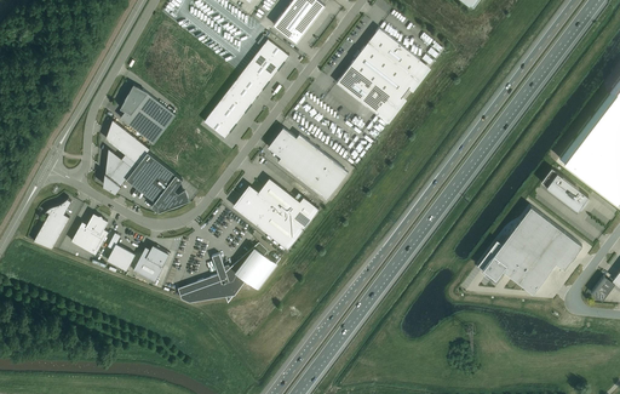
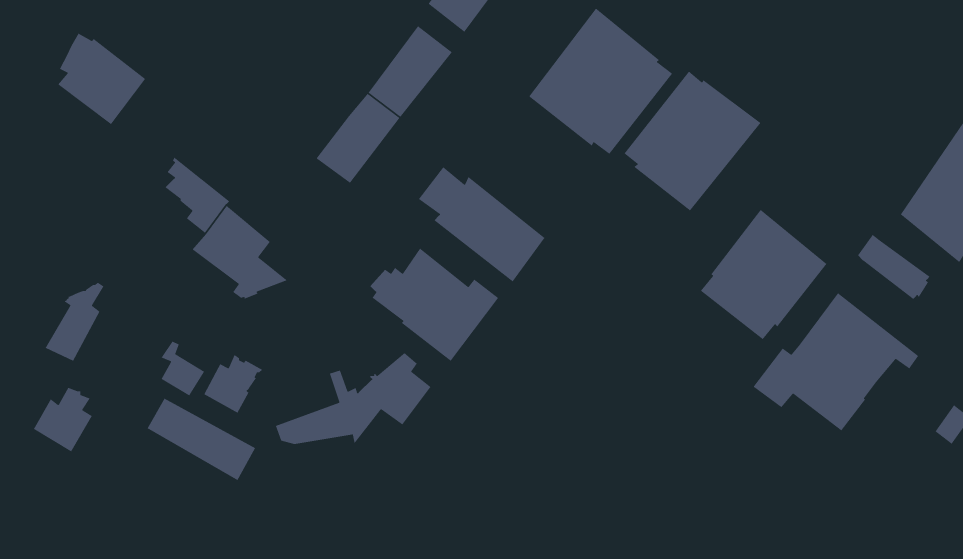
building: none -> [624,71,762,211]
building: [120,86,176,144] -> [57,32,146,125]
building: [105,153,134,193] -> none
building: none -> [700,209,827,340]
building: [71,215,109,256] -> [33,387,93,452]
building: none -> [146,398,256,481]

